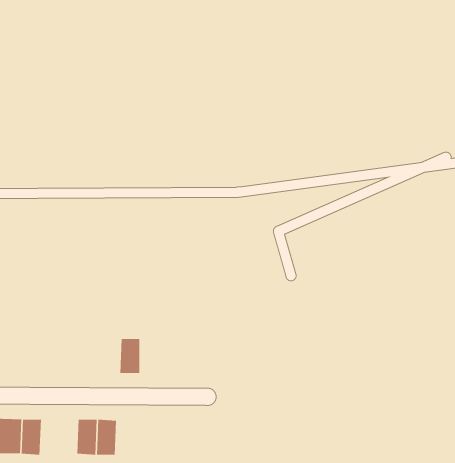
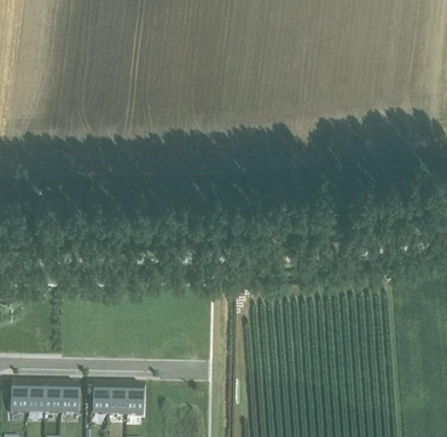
building: [119,339,140,373] -> [126,384,144,414]
building: none -> [60,383,79,414]

